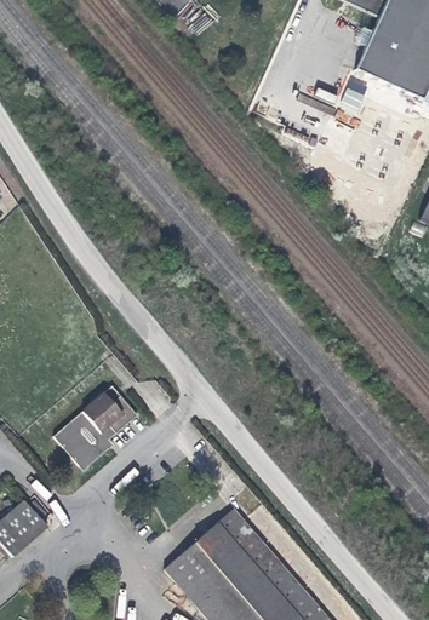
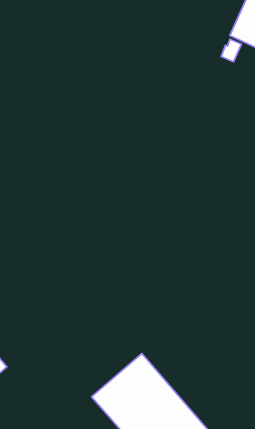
building: [56,384,139,465] -> none

